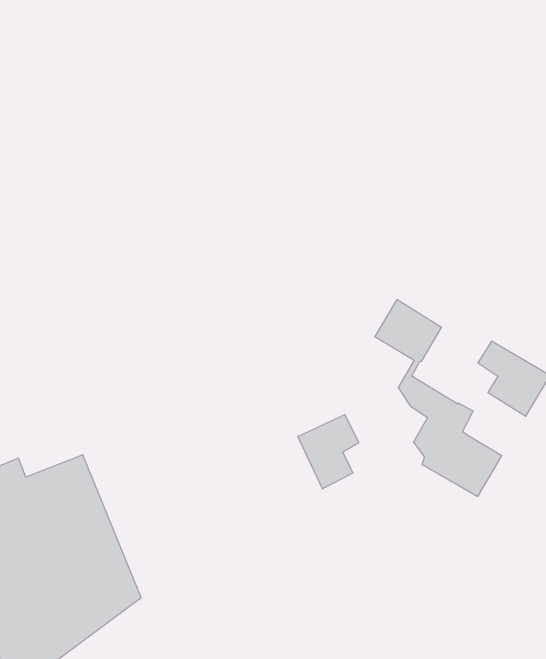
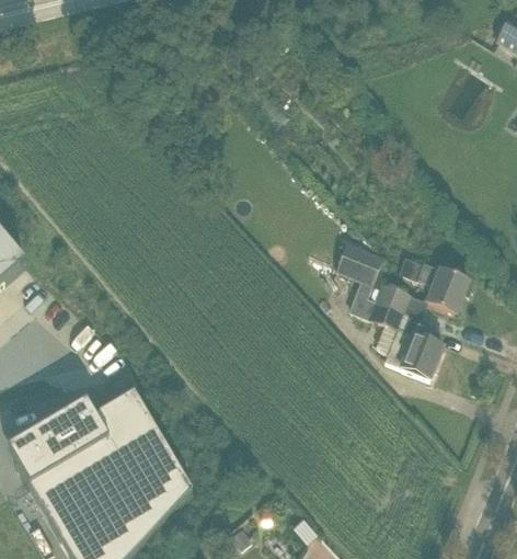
building: none -> [365,278,409,308]
building: [298,415,359,489] -> none

